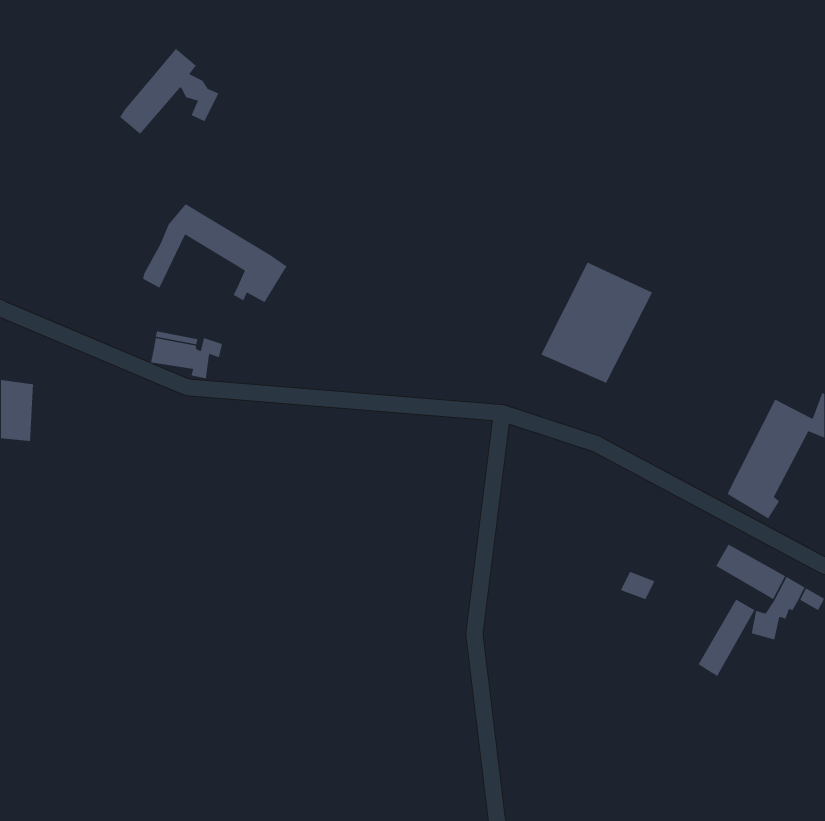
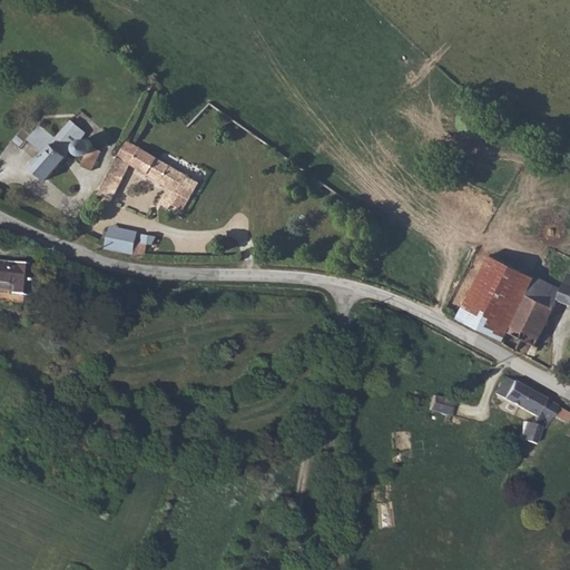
building: [119,48,219,135] -> [31,118,100,178]
building: [540,261,653,384] -> [456,254,534,338]
building: [697,599,756,677] -> none

